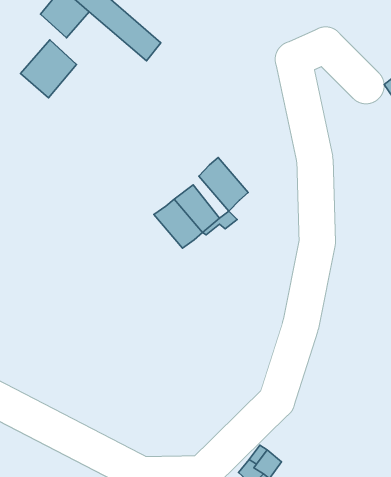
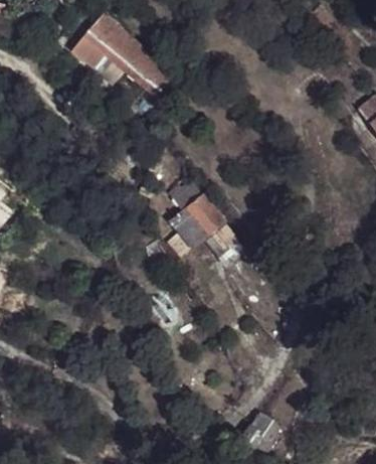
building: [21,40,77,98] -> none
building: [199,157,248,211] -> none

